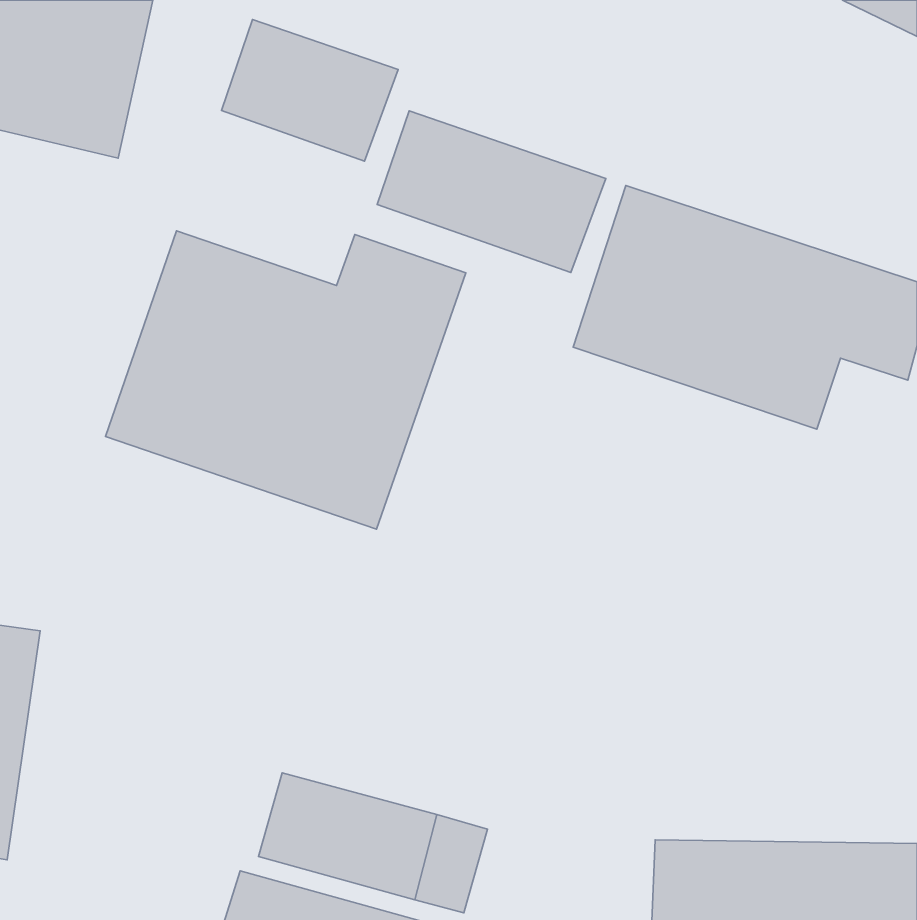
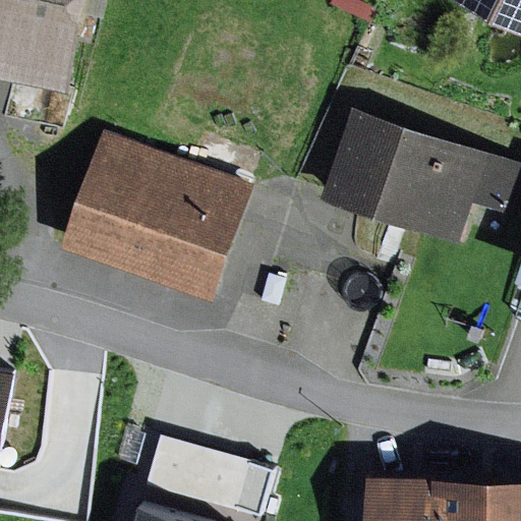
building: [221,19,398,161] -> none
building: [377,111,606,273] -> none

